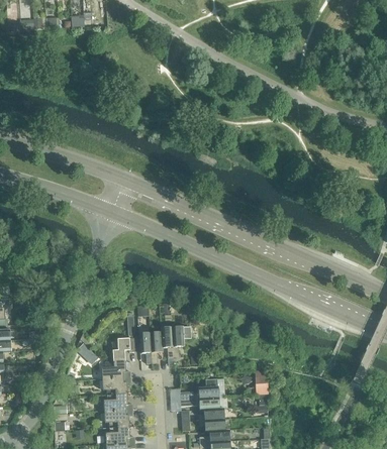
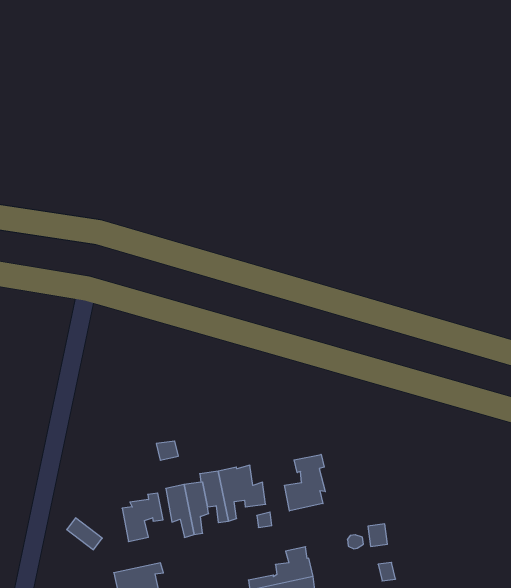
building: none -> [285,454,325,511]
building: [101,360,129,378] -> none

